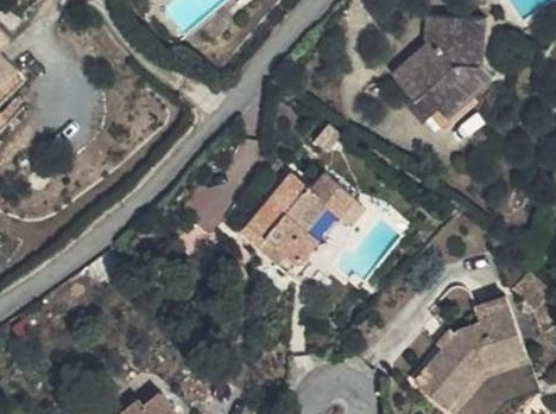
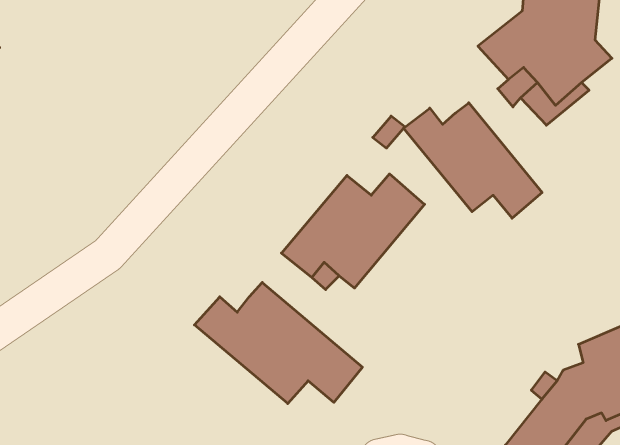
building: none -> [403,103,542,218]
building: none -> [194,282,362,404]

